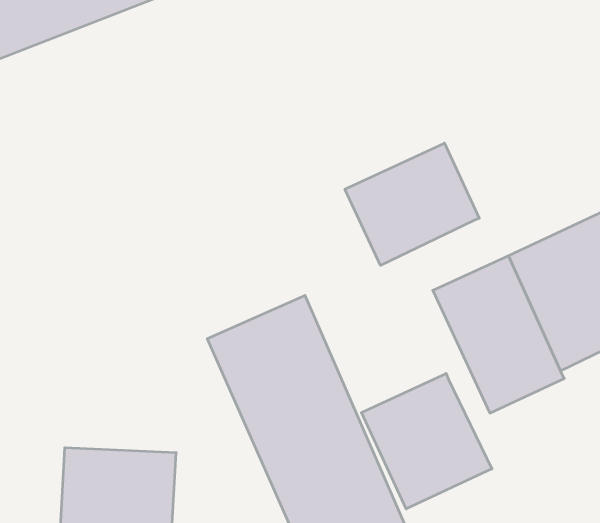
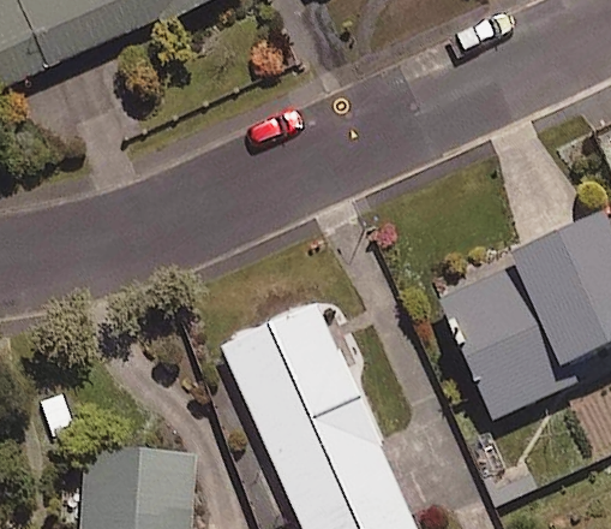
building: [345,143,479,265] -> none
building: [361,373,492,509] -> none

